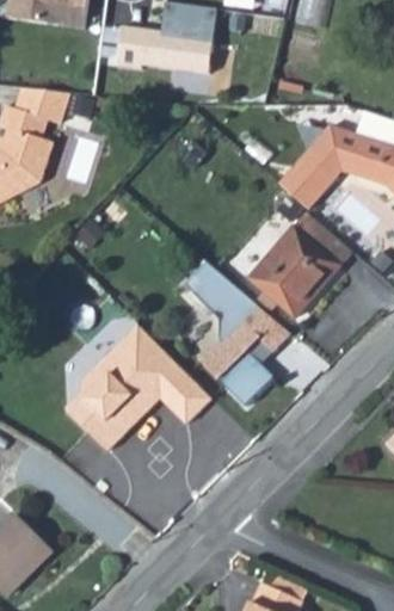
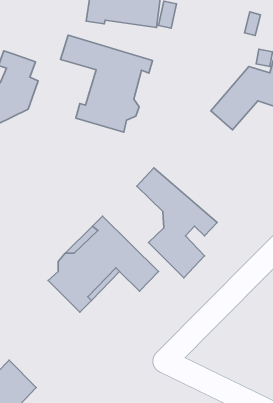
building: none -> [61,35,153,132]
building: [20,88,72,123] -> none
building: [251,212,353,316] -> none

